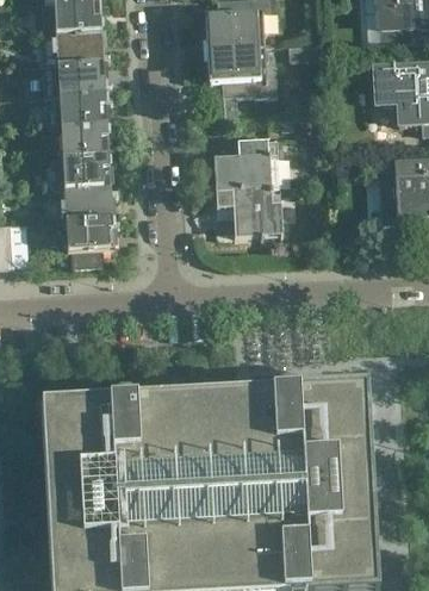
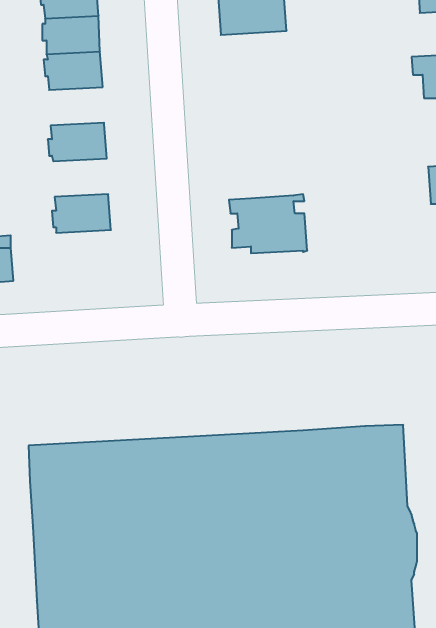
building: [206,44,275,95] -> none
building: [55,93,105,126] -> none
building: [212,138,276,191] -> none
building: [58,155,108,188] -> none
building: [61,217,112,253] -> none

